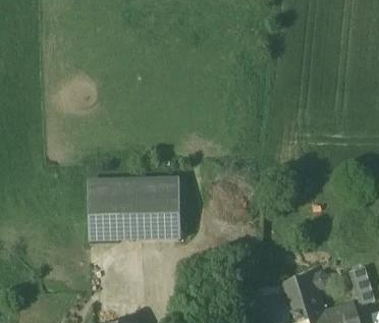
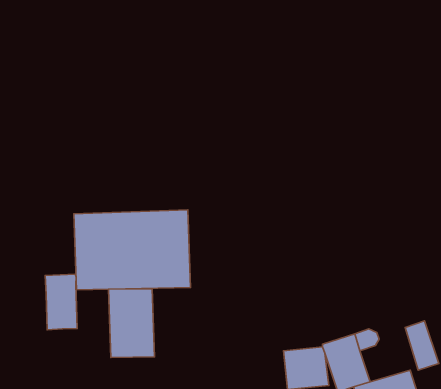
building: none -> [45,274,77,330]
building: none -> [109,289,155,357]

